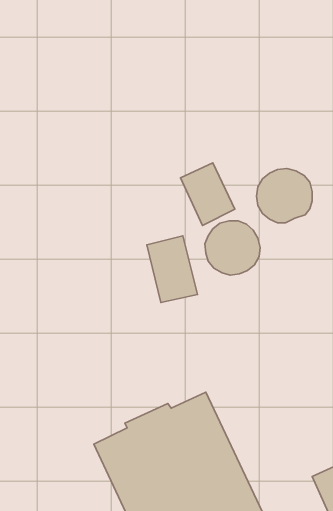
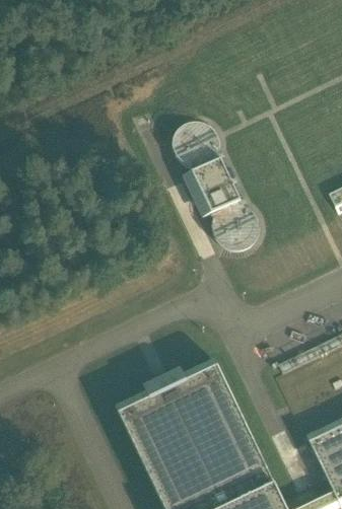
building: [257,168,312,223] -> [170,125,219,172]
building: [147,236,198,303] -> none

